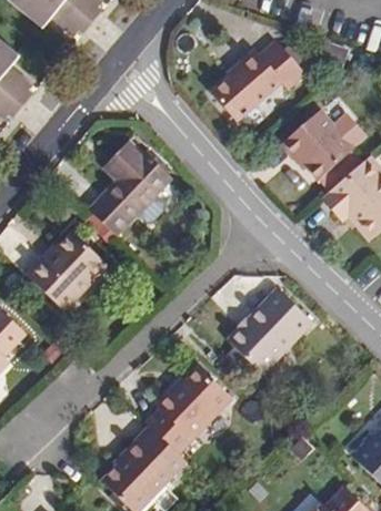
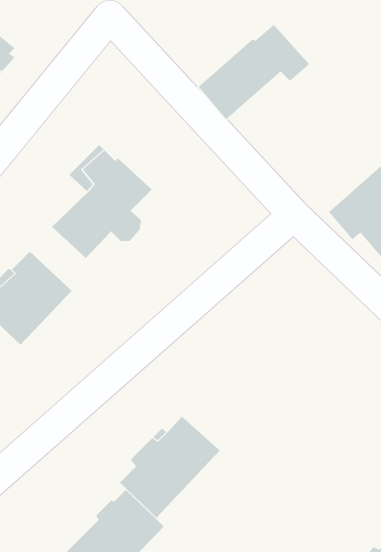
building: [272,119,351,188] -> none
building: [221,297,303,380] -> none

